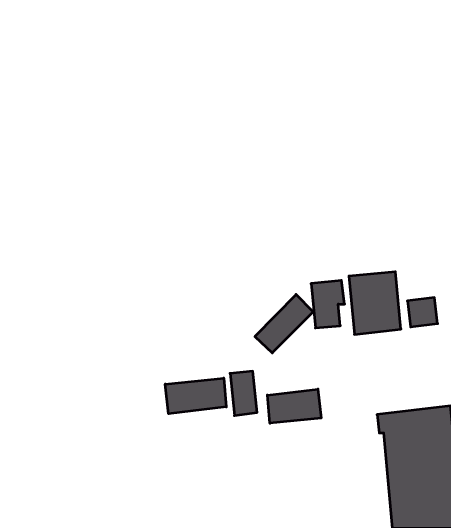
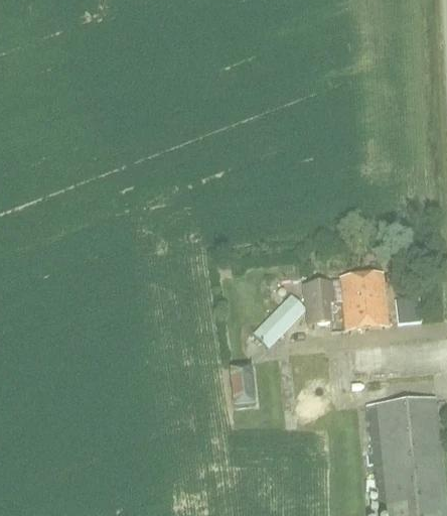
building: [165,378,226,414] -> none
building: [267,389,321,423] -> none

